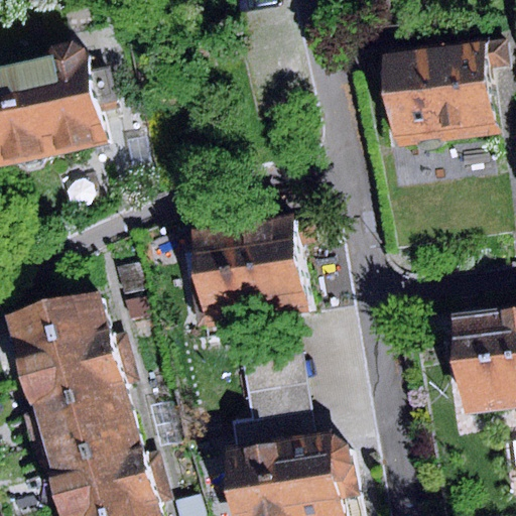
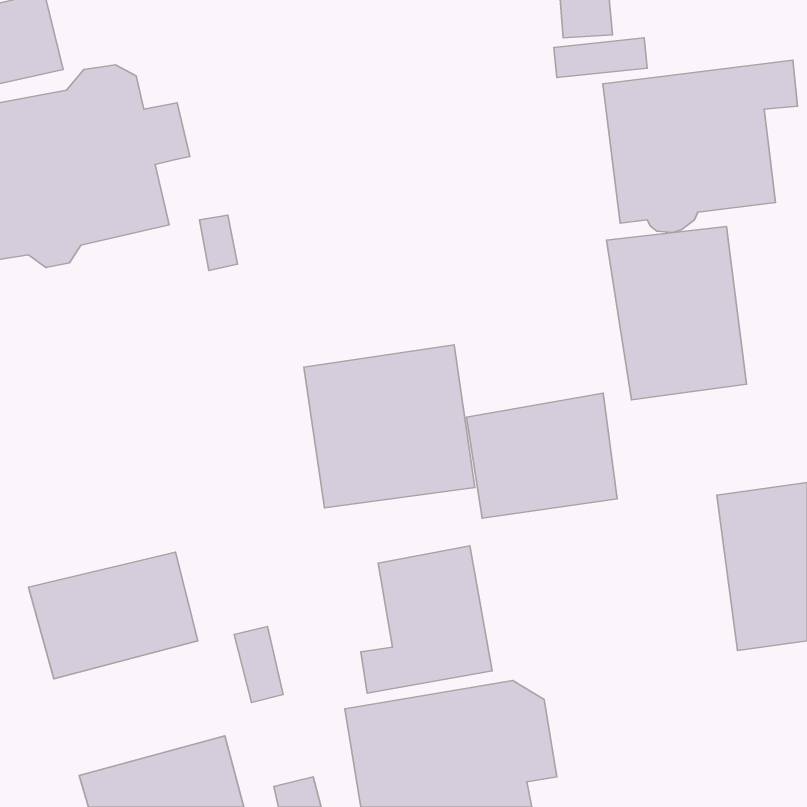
building: none -> [607,226,746,400]
building: none -> [467,393,617,518]
building: [5,292,112,374] -> none
building: [34,408,143,494] -> none

